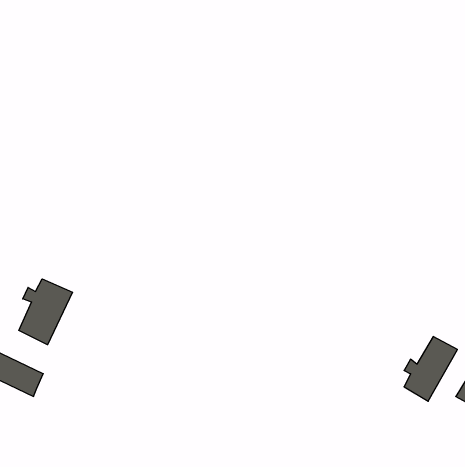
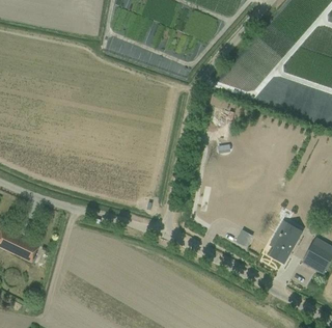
building: [19,279,72,345] -> none

